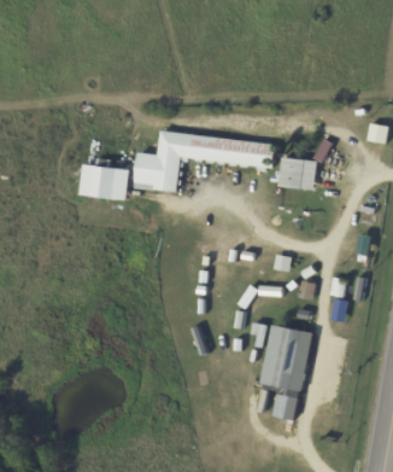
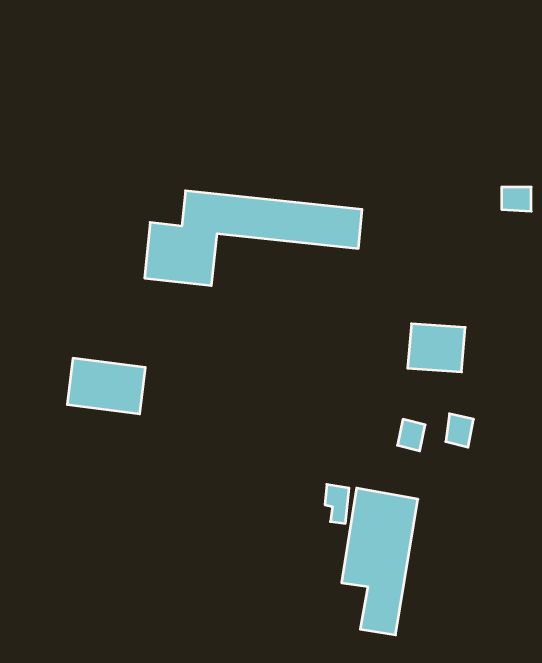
building: [278,157,316,188] -> [408,324,465,372]
building: [78,163,129,199] -> [67,358,145,414]

